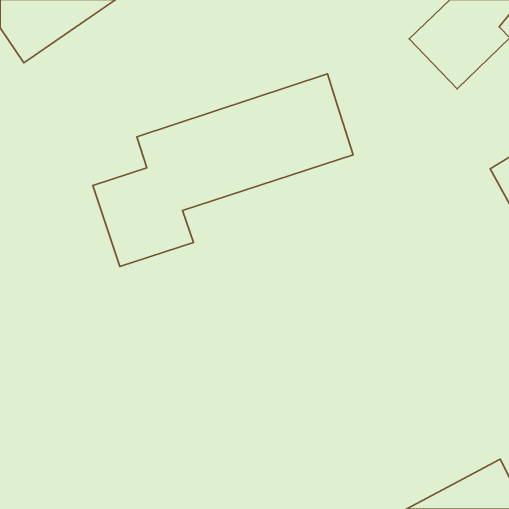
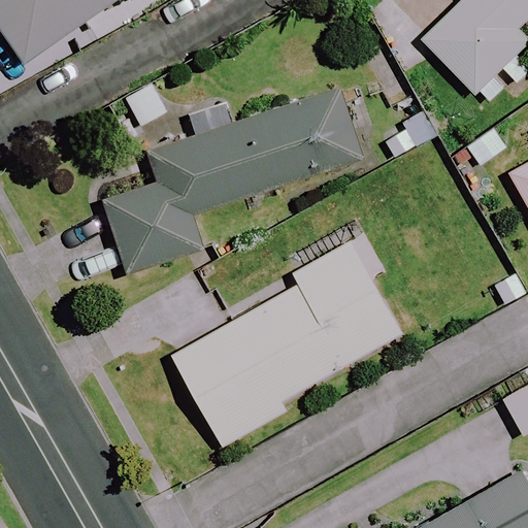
building: none -> [170,241,401,447]

